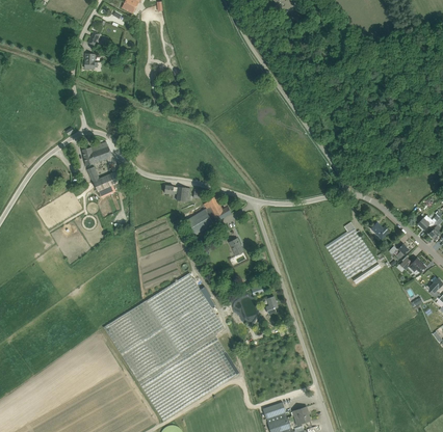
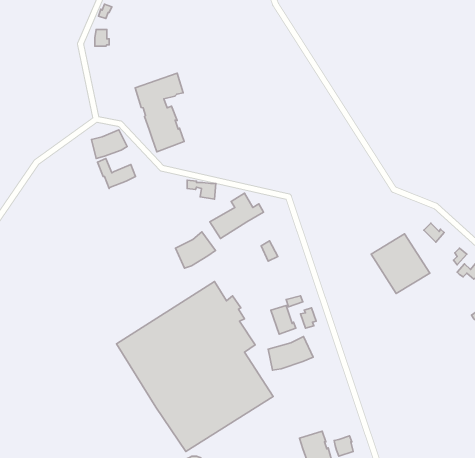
building: none -> [135,73,184,152]
building: none -> [175,232,216,268]
building: none -> [268,337,313,370]

